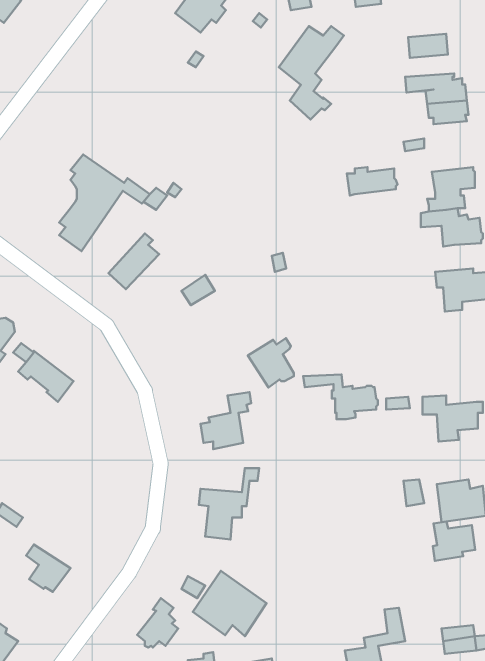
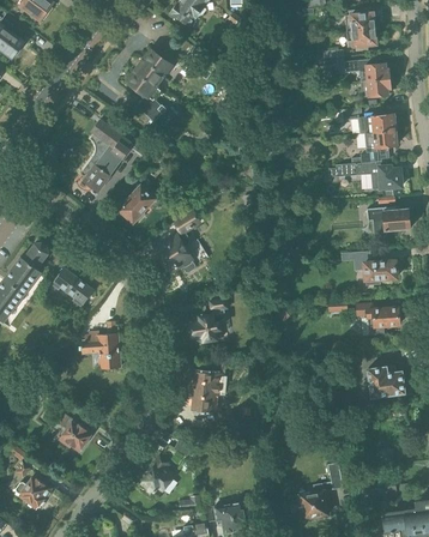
building: none -> [345,8,375,31]
building: [279,26,344,120] -> [128,50,177,121]
building: [347,167,397,196] -> [358,113,397,134]
building: [248,338,294,387] -> [158,235,193,272]
building: [303,375,378,419] -> [342,252,398,285]
building: none -> [77,321,120,370]
building: [433,521,475,561] -> none
building: [193,571,266,636] -> none

